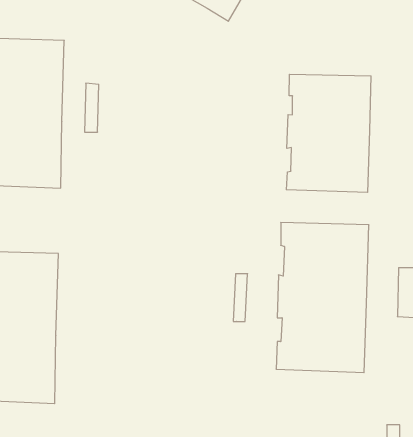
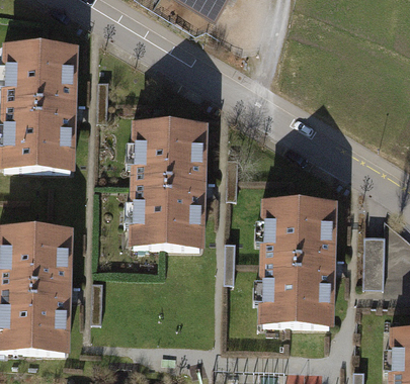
building: [286,74,371,192] -> none
building: none -> [128,119,207,247]

